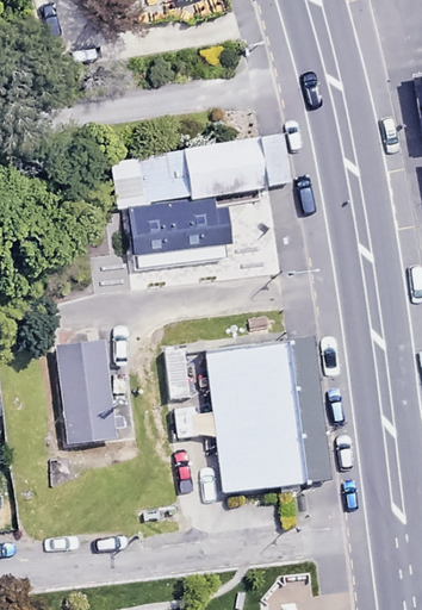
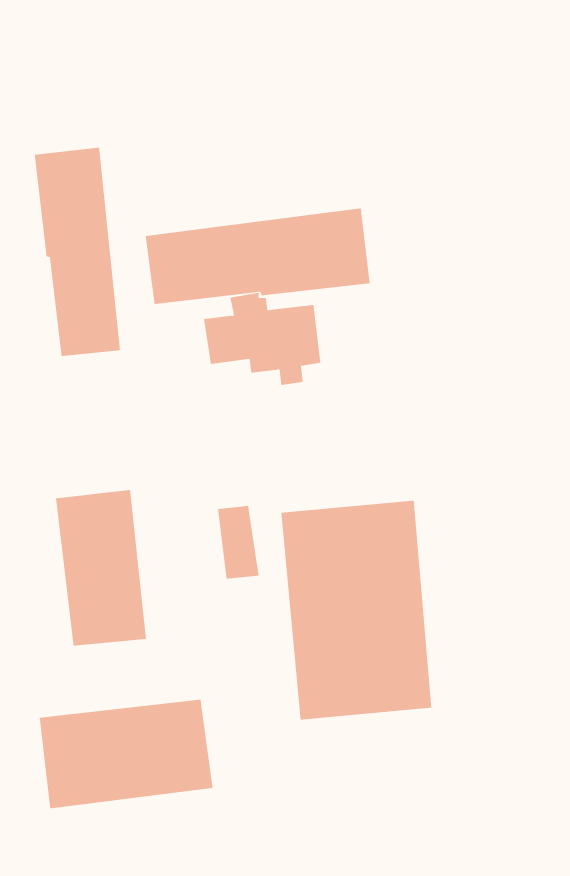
building: none -> [34,147,121,357]
building: none -> [39,699,213,809]

